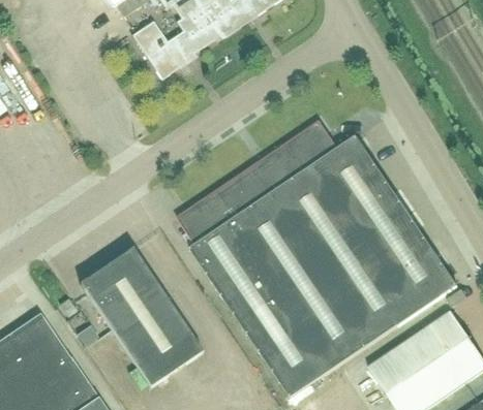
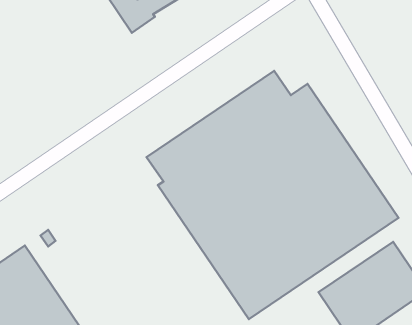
building: [79,248,202,387] -> none

